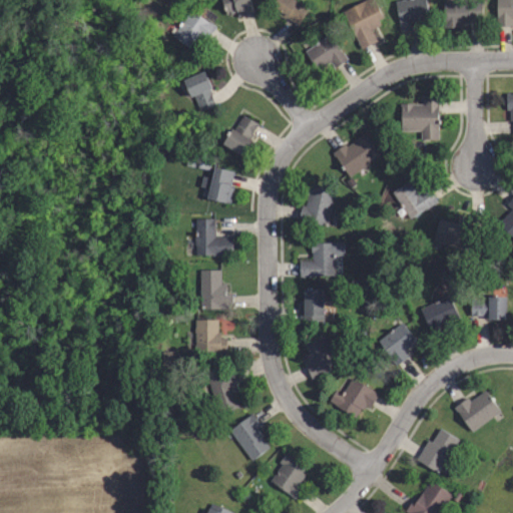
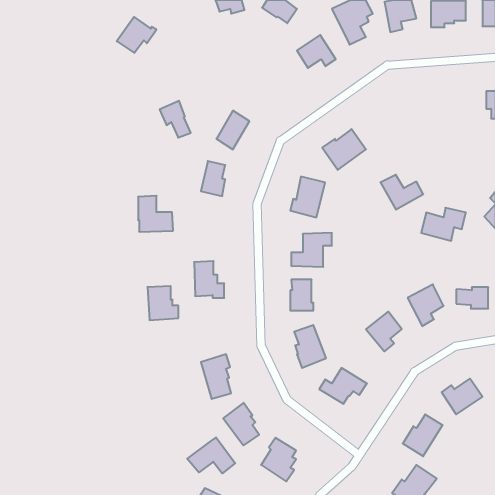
building: [174,12,215,49] -> [117,17,156,53]
building: [184,72,216,110] -> [160,101,191,138]
building: [404,100,438,140] -> none
building: [195,219,231,256] -> [138,196,173,232]
building: [195,319,227,354] -> [147,286,178,320]
building: none -> [187,437,235,473]

